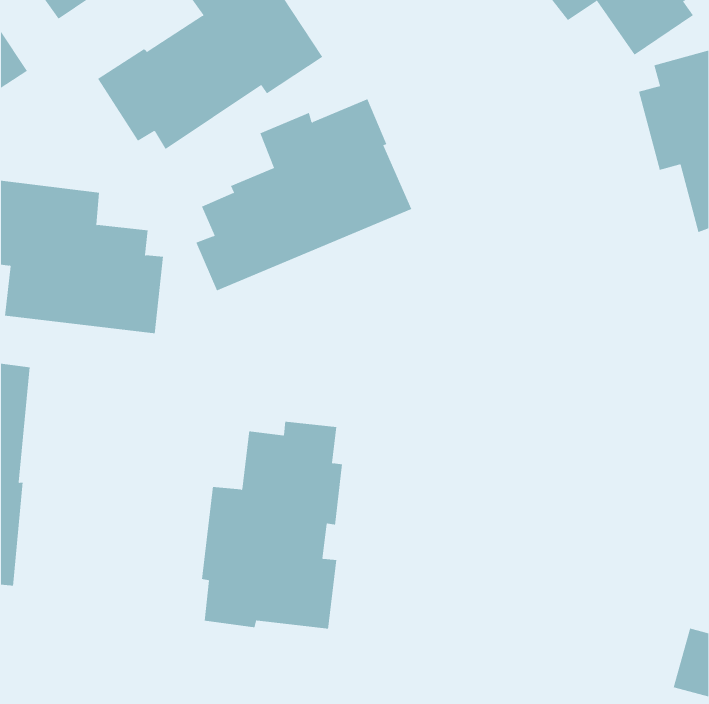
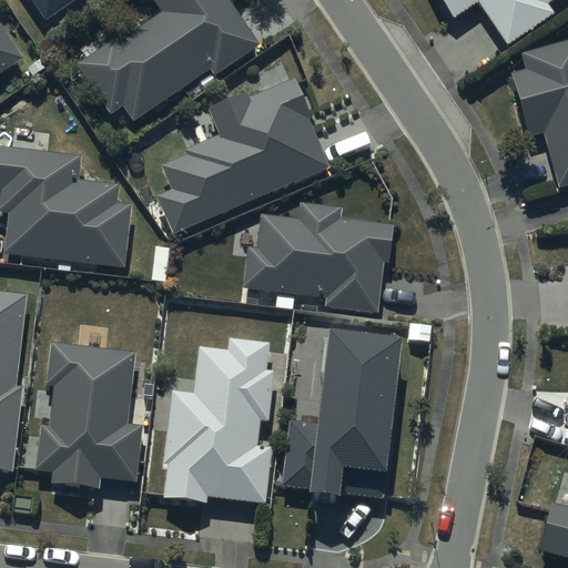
building: none -> [243,202,393,313]
building: none -> [281,329,399,498]
building: none -> [33,342,142,488]

